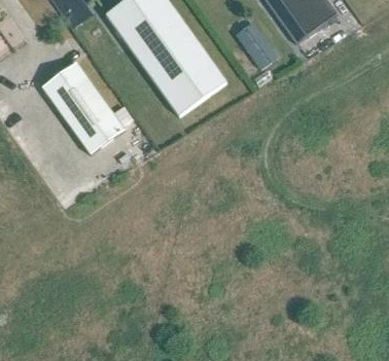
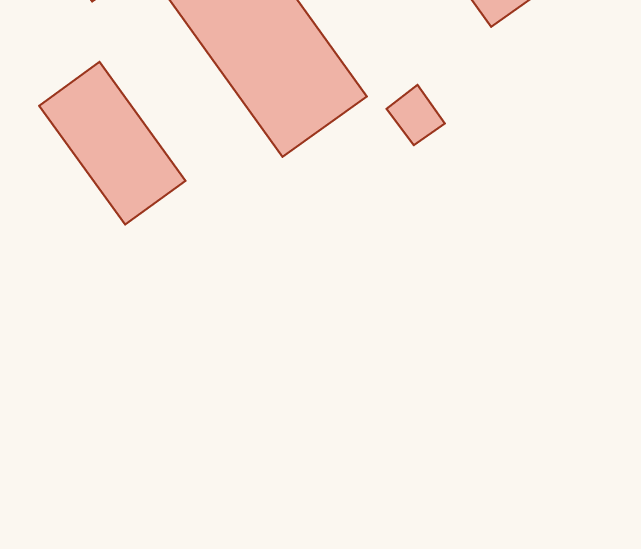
building: [245,34,278,68] -> [386,85,445,145]

